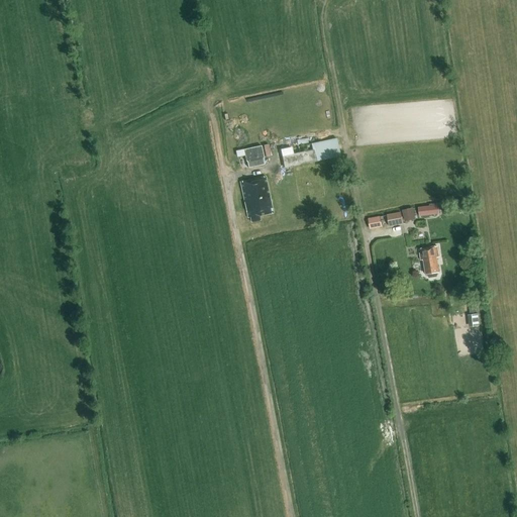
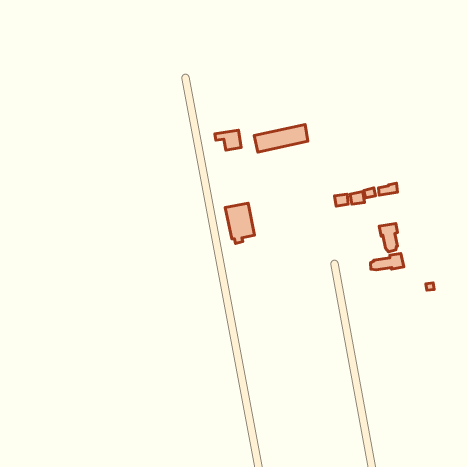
building: [240,177,273,221] -> [225,203,255,243]
building: none -> [370,253,404,270]

